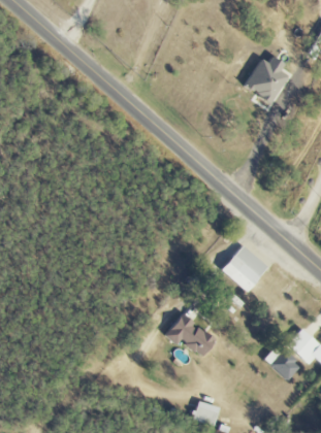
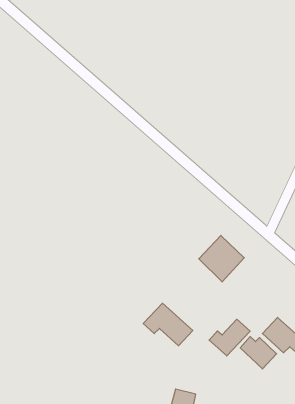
building: [245,55,289,103] -> none
building: none -> [209,319,250,356]

